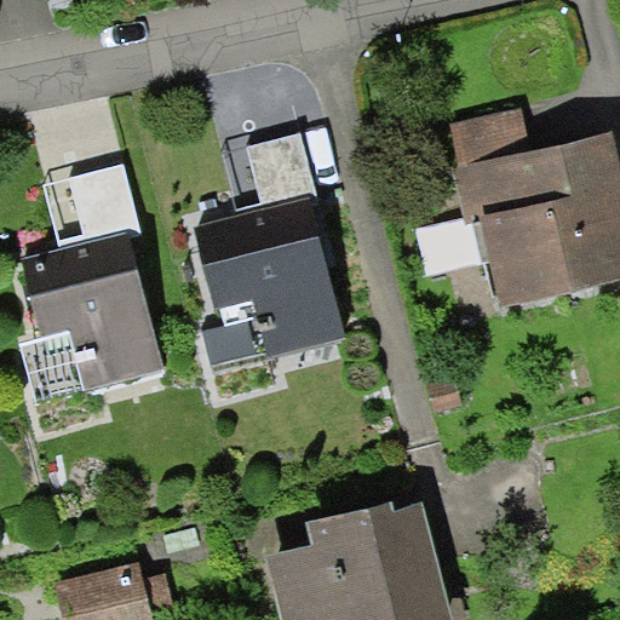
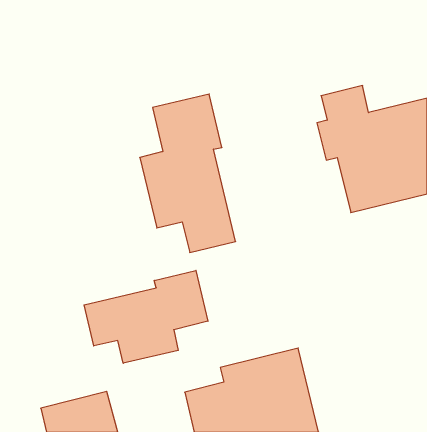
building: [21,166,163,409] -> none
building: none -> [84,270,208,363]

